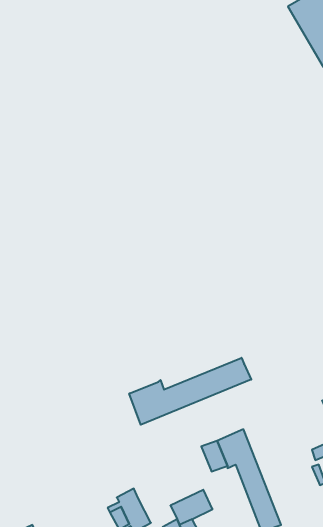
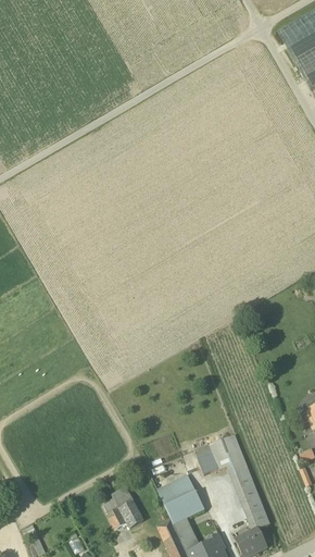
building: [129,358,251,425] -> none
building: none -> [155,470,196,505]

